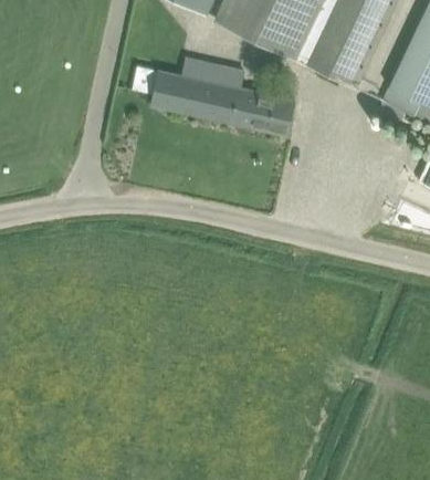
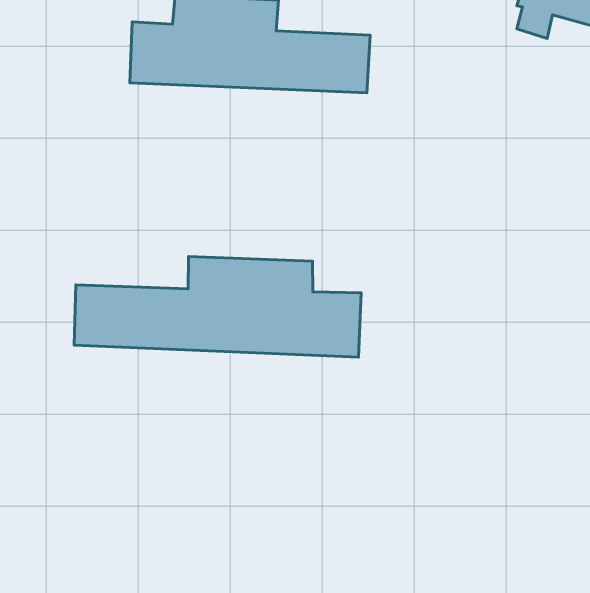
building: none -> [74,257,361,357]

